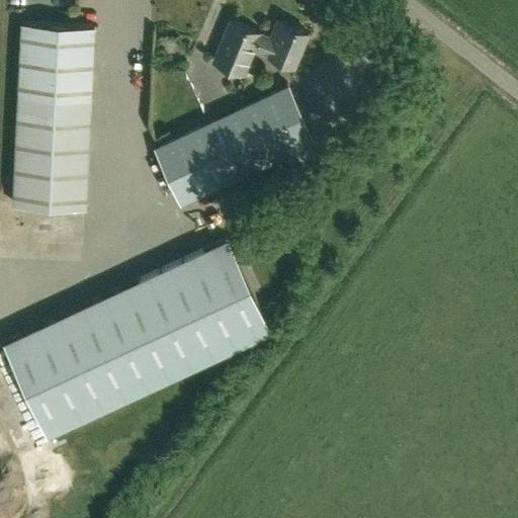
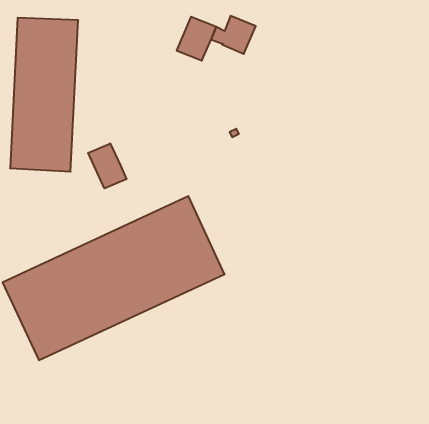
building: [156,91,318,207] -> none
building: none -> [88,143,127,188]

